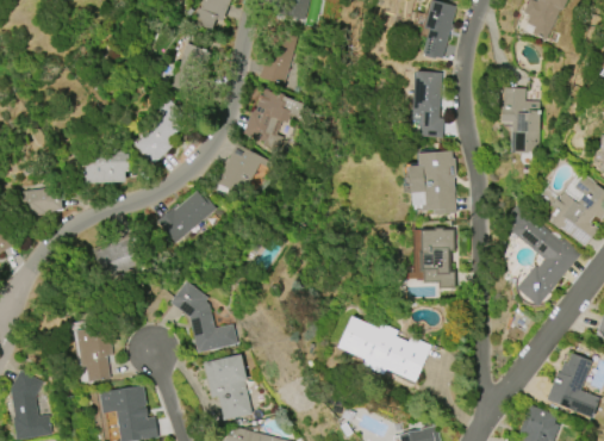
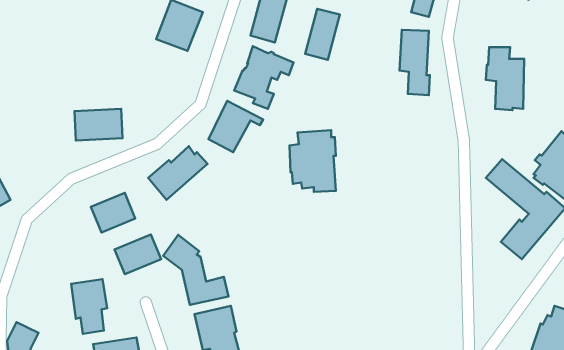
building: none -> [305,9,340,60]
building: [131,106,187,163] -> none
building: [409,151,456,215] -> [289,130,336,192]
building: [20,188,62,216] -> none
building: [419,228,456,290] -> none
building: none -> [114,235,161,274]
building: [337,317,431,383] -> none

